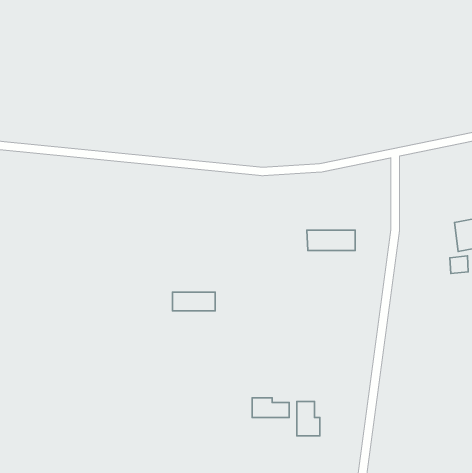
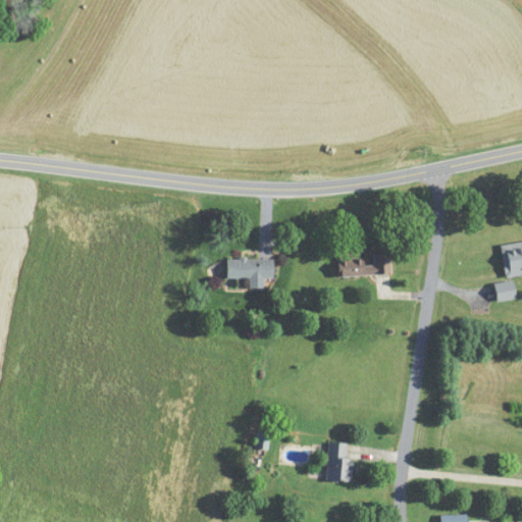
building: [173,292,215,311] -> [228,259,275,279]
building: [252,398,289,417] -> none

